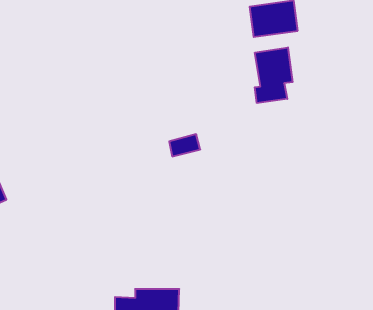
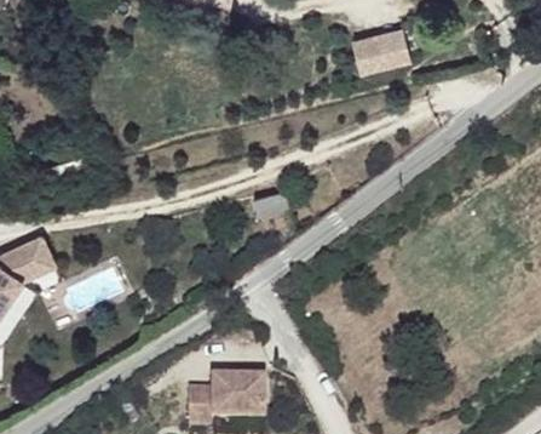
building: [255,47,293,103] -> none

